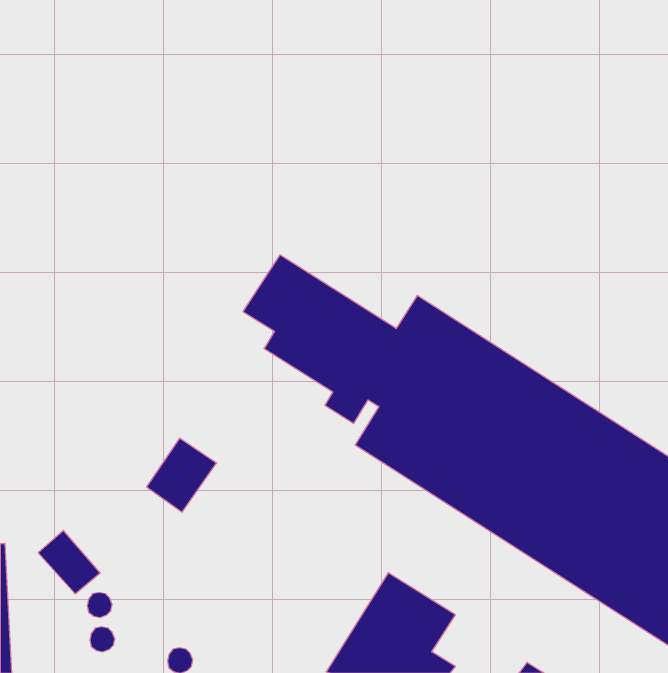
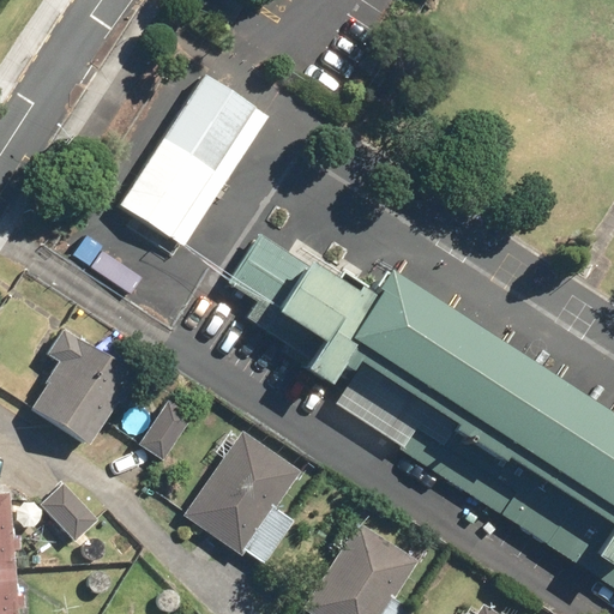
building: none -> [127,71,269,239]
building: none -> [29,327,136,447]
building: none -> [182,429,302,562]

